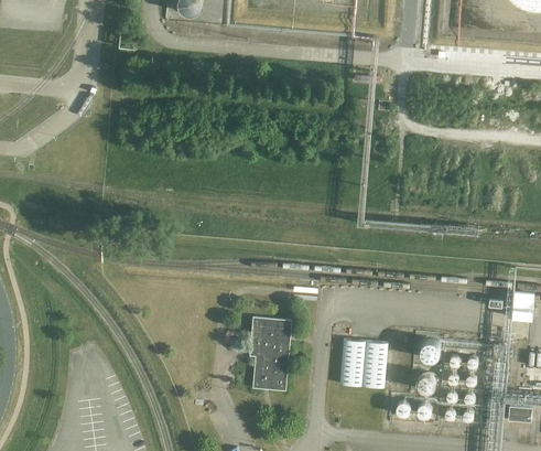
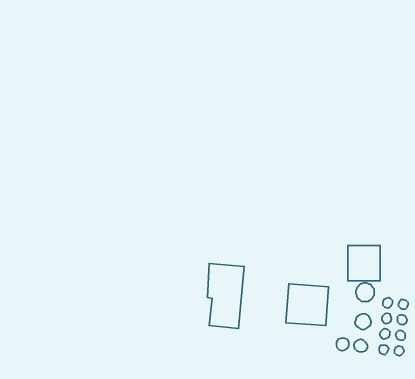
building: none -> [348,246,380,281]

